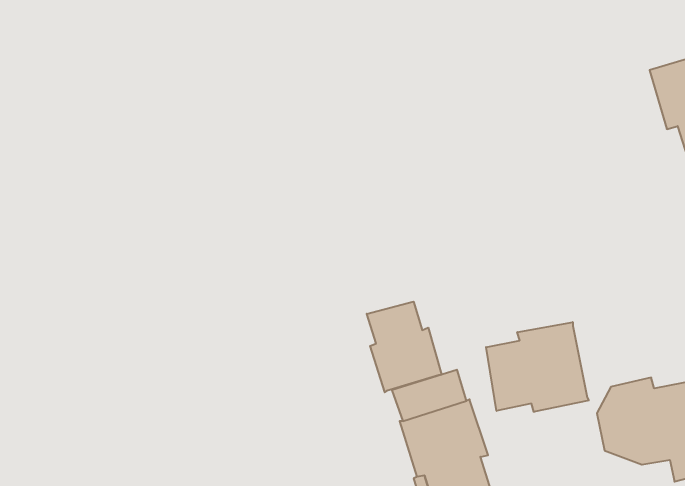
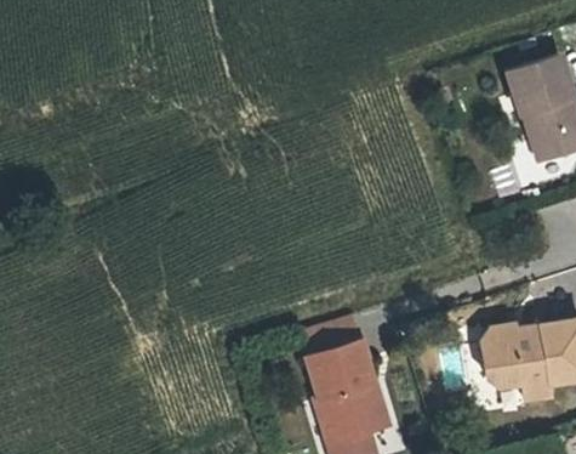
building: [367,302,442,392] -> none
building: [486,322,589,412] -> none

